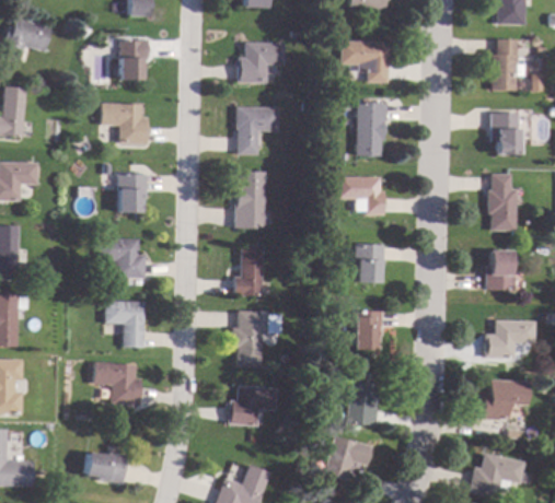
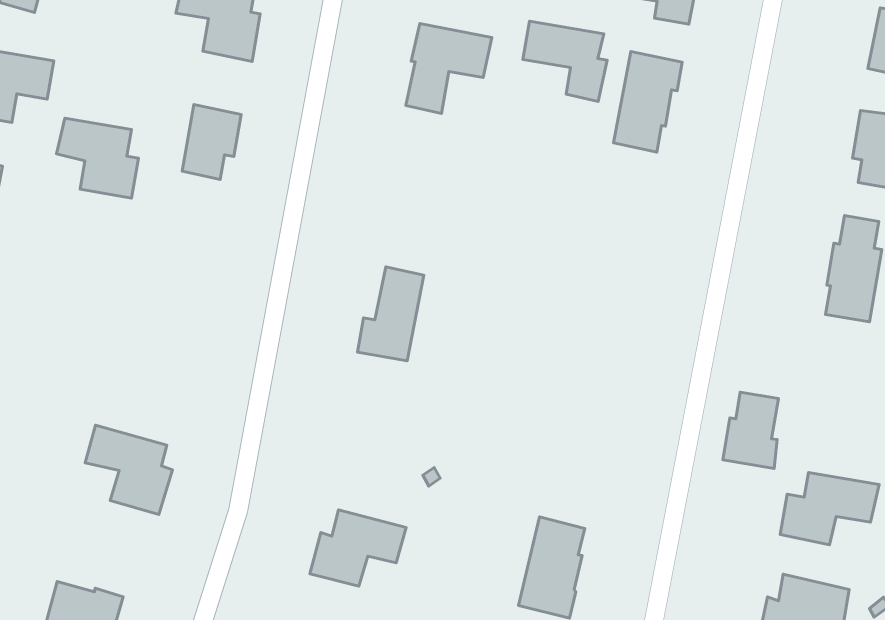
building: [235,171,266,227] -> none
building: [338,176,385,214] -> [523,21,607,102]
building: [100,238,146,277] -> [57,118,138,198]
building: [356,243,385,282] -> none
building: [487,249,517,289] -> [723,392,778,469]
building: [105,300,146,347] -> none
building: [232,309,282,365] -> none
building: [354,309,383,349] -> none

